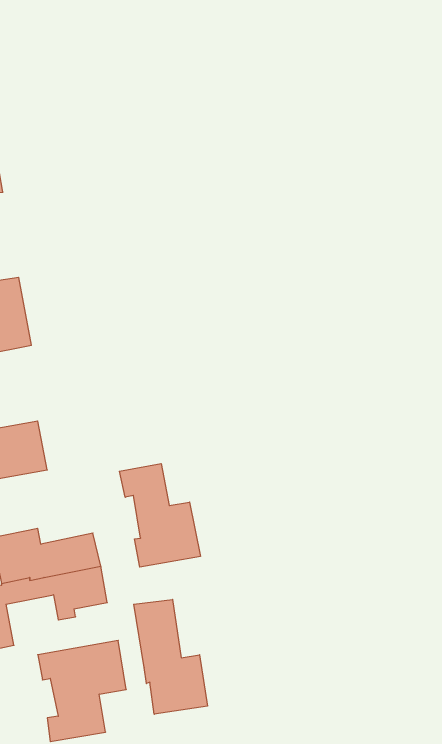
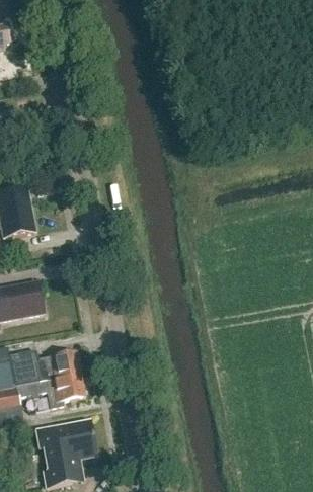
building: [119,464,200,567] -> none
building: [134,599,207,714] -> none

